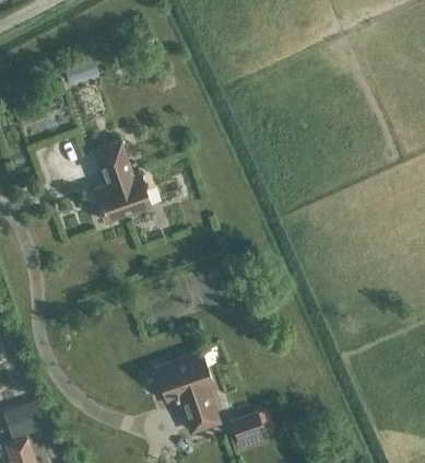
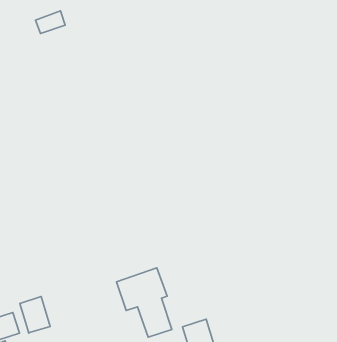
building: [92,141,150,223] -> none
building: none -> [20,297,50,333]

